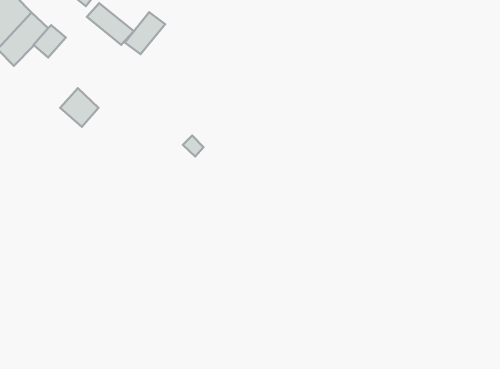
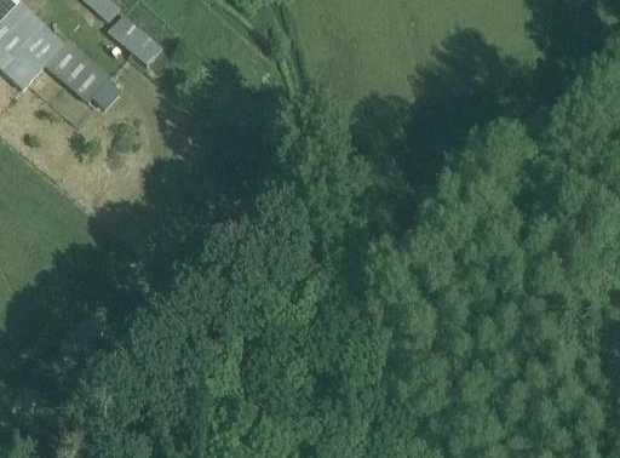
building: [125,12,165,54] -> none
building: [60,88,99,127] -> [62,55,107,99]

